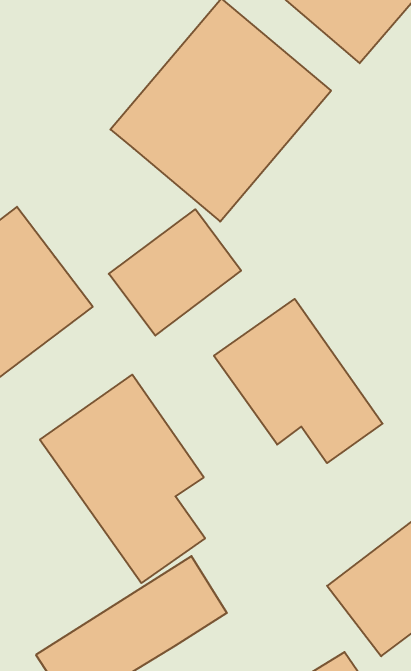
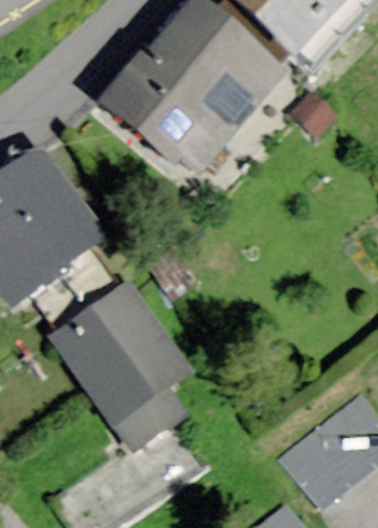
building: [109,209,241,336] -> none
building: [214,299,383,463] -> none

